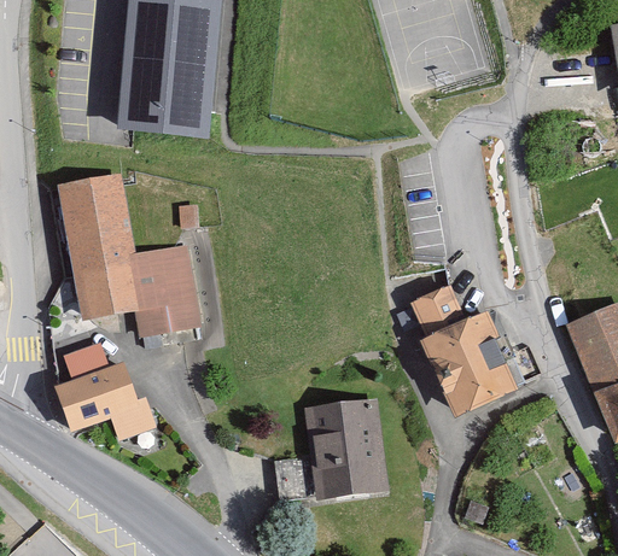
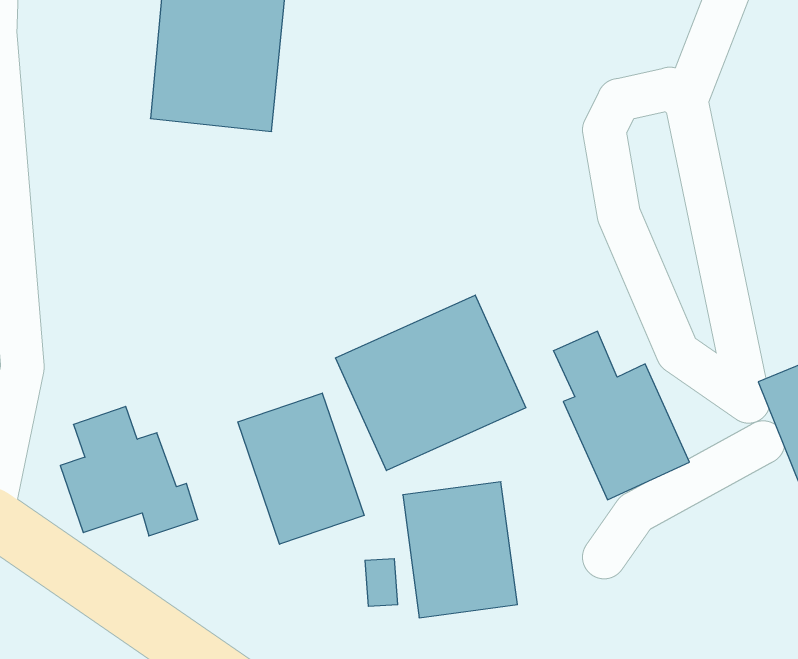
building: [57,172,203,336] -> none
building: none -> [336,295,526,471]
building: none -> [238,393,364,544]

